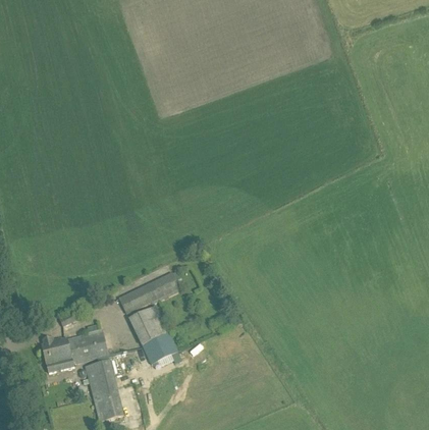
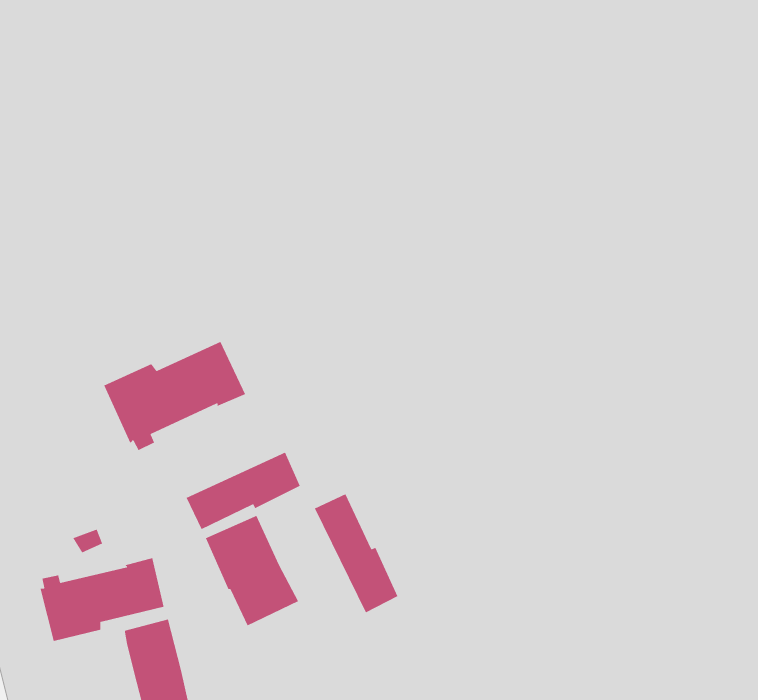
building: none -> [103,341,246,451]
building: none -> [314,493,398,613]

